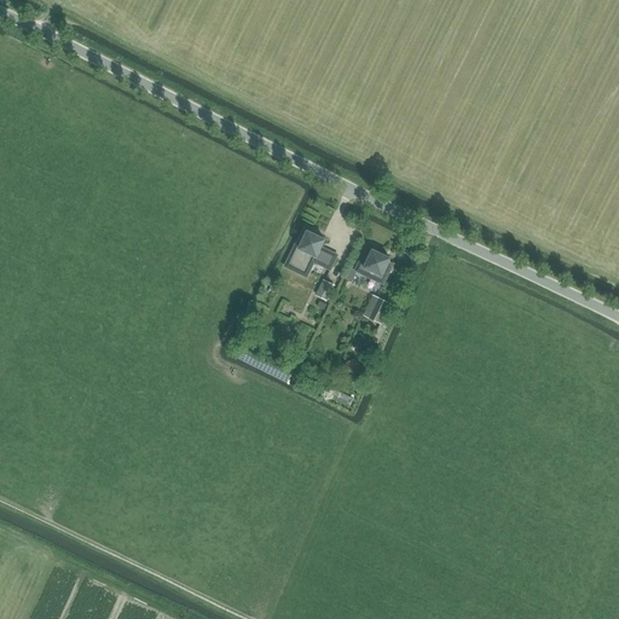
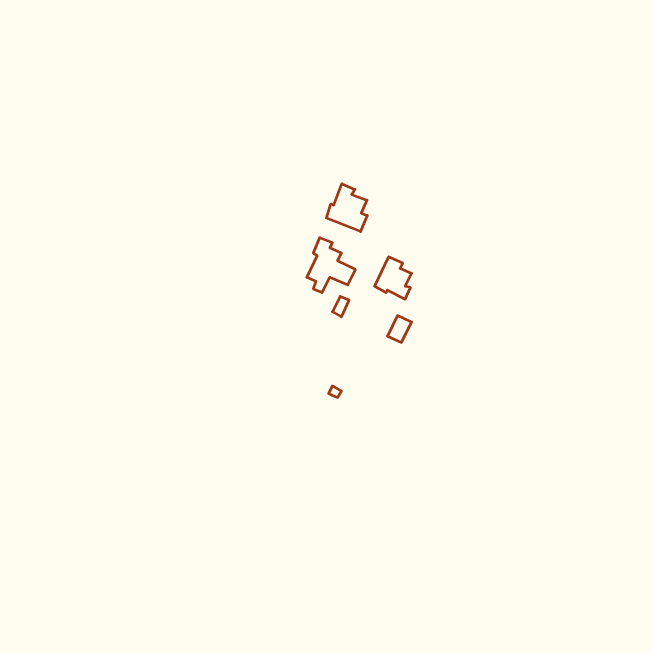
building: none -> [326,184,367,232]

